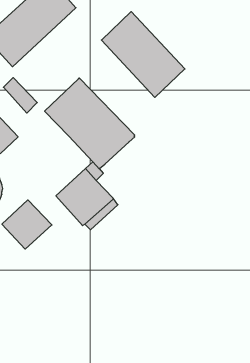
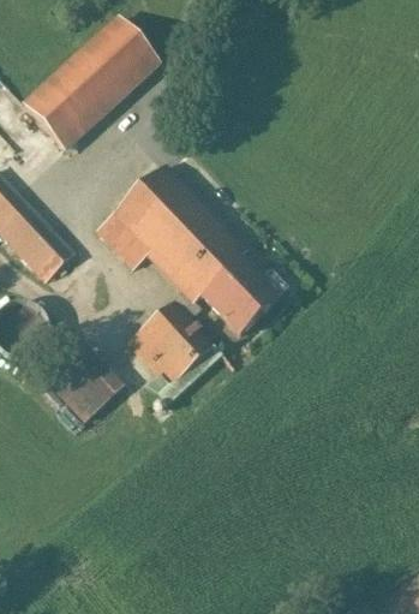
building: [101,12,185,97] -> none
building: [3,78,37,113] -> [96,216,146,269]
building: none -> [200,262,286,335]

